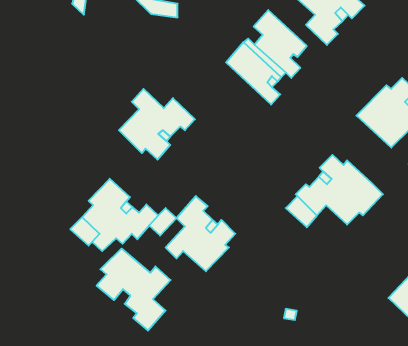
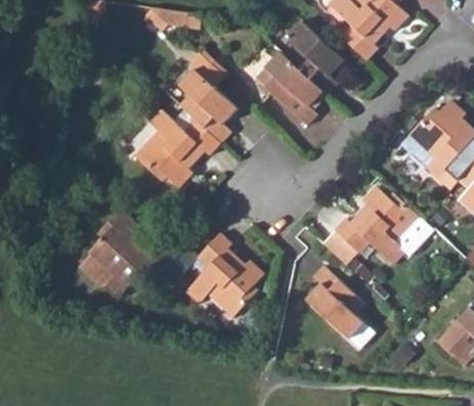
building: none -> [178,55,236,146]
building: none -> [307,265,376,347]
building: [97,249,171,331] -> none

